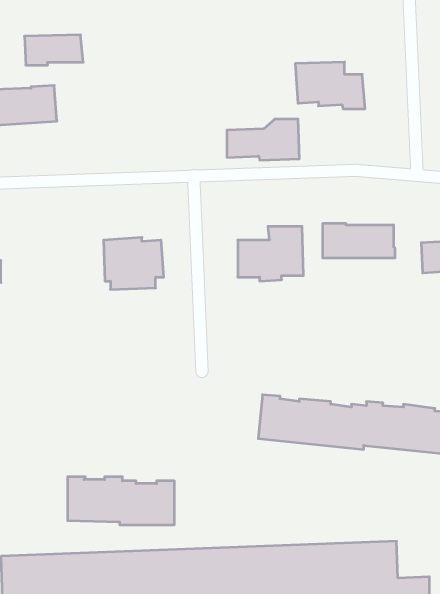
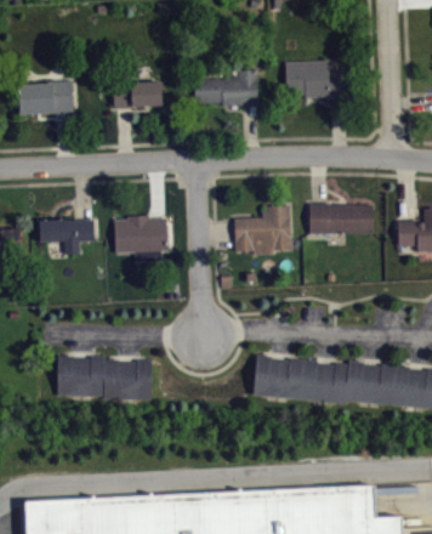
building: [24,35,83,65] -> [113,83,165,109]
building: [227,119,299,160] -> [194,70,258,107]
building: none -> [39,220,96,255]
building: [68,477,174,525] -> [57,357,152,399]

